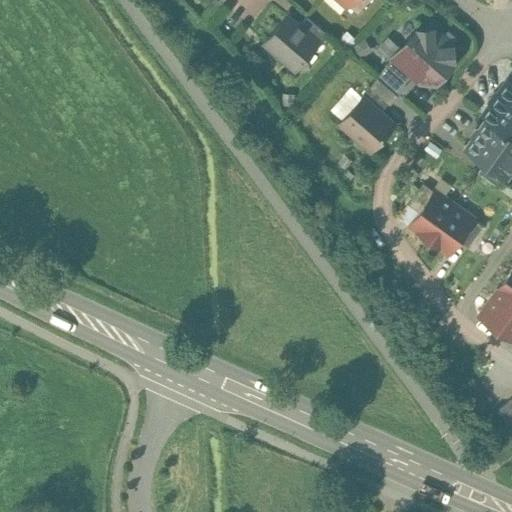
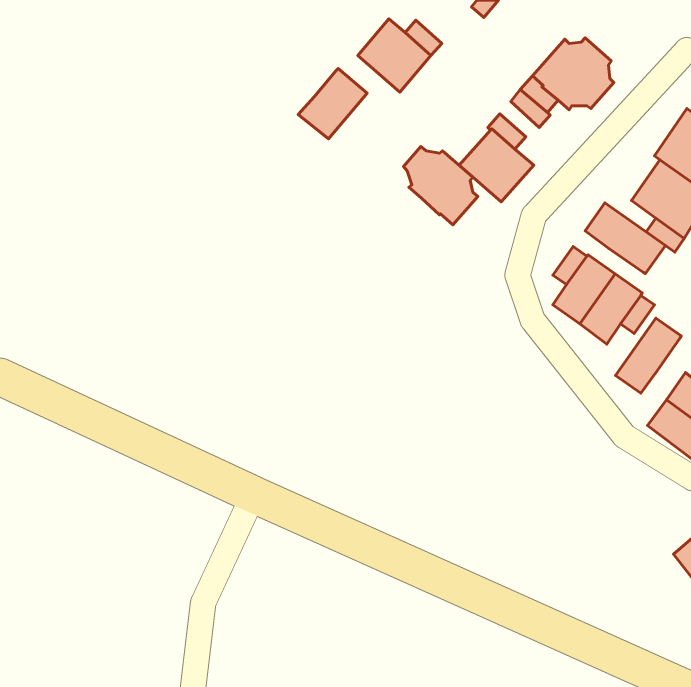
building: none -> [298,69,367,139]
building: none -> [403,146,478,225]
building: none -> [585,203,665,273]
building: none -> [616,318,681,393]

